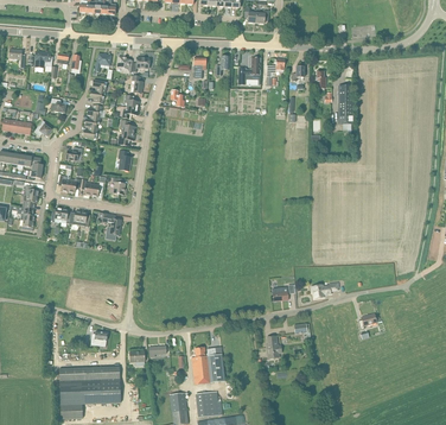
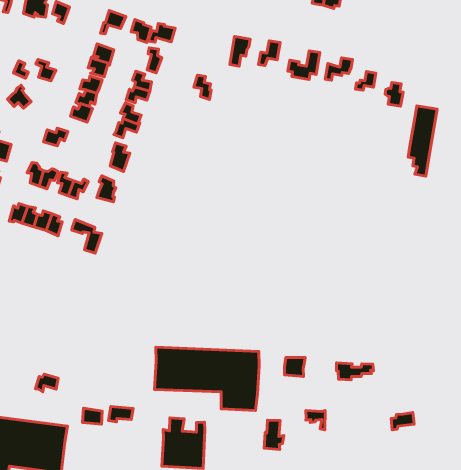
building: none -> [154,347,259,411]

